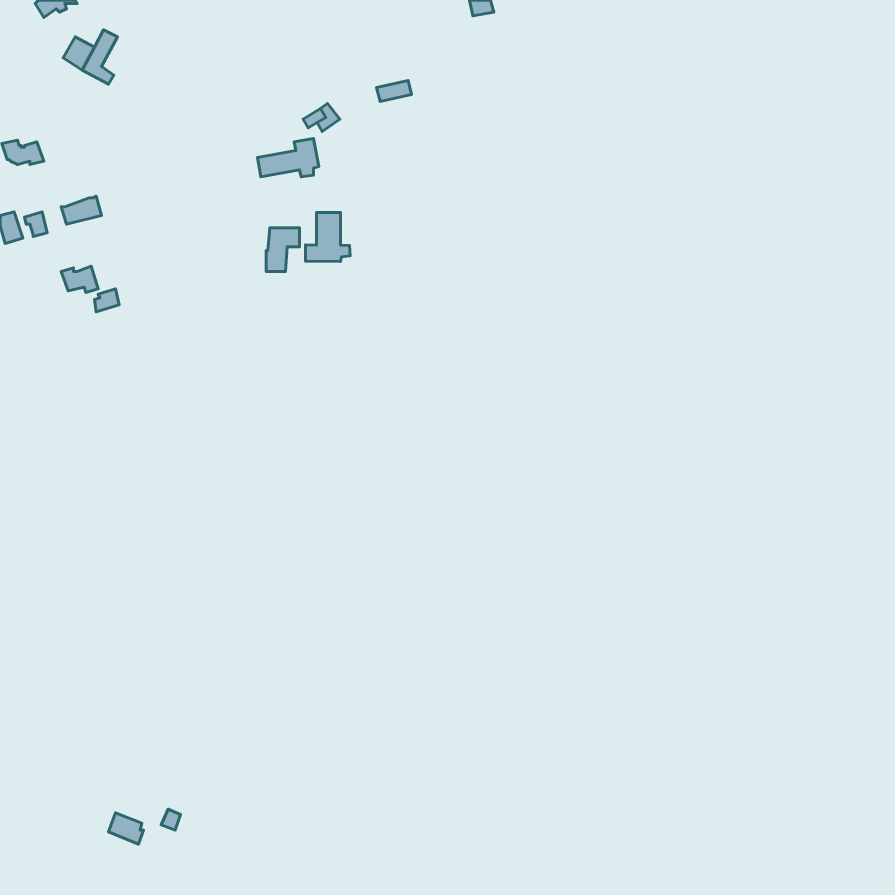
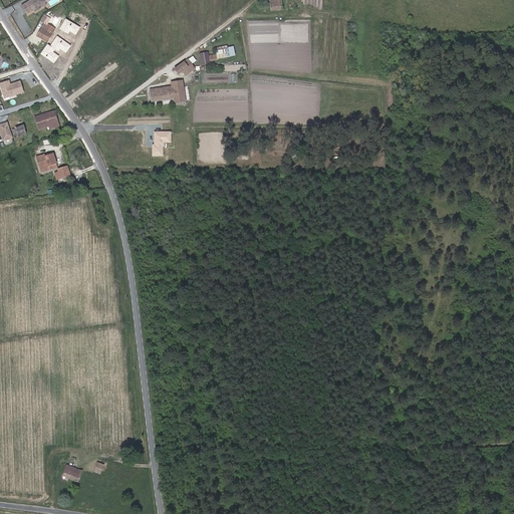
building: [305,212,350,261] -> none

